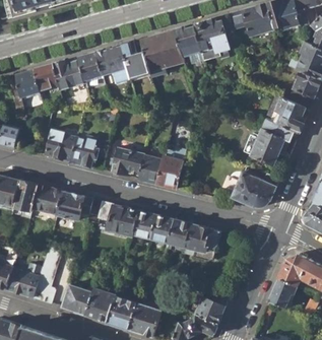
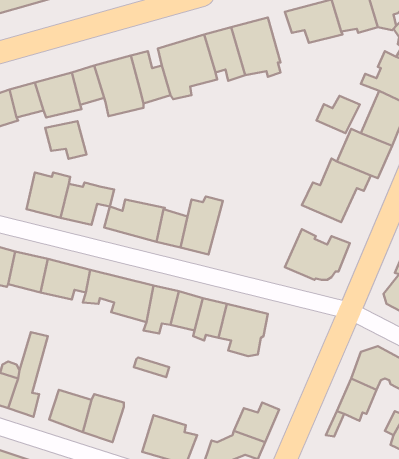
building: none -> [316,96,360,133]
building: none -> [45,121,86,159]
building: [108,297,137,330] -> none

